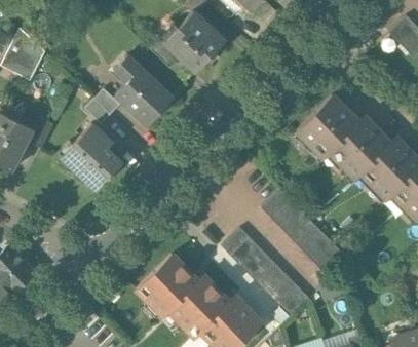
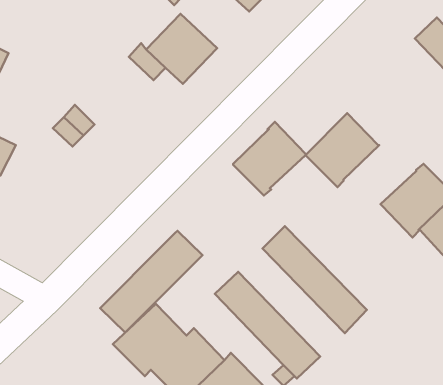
building: [113,54,172,124] -> none
building: [329,116,389,178] -> [233,122,306,196]
building: [59,122,122,191] -> none
building: none -> [100,231,203,333]

